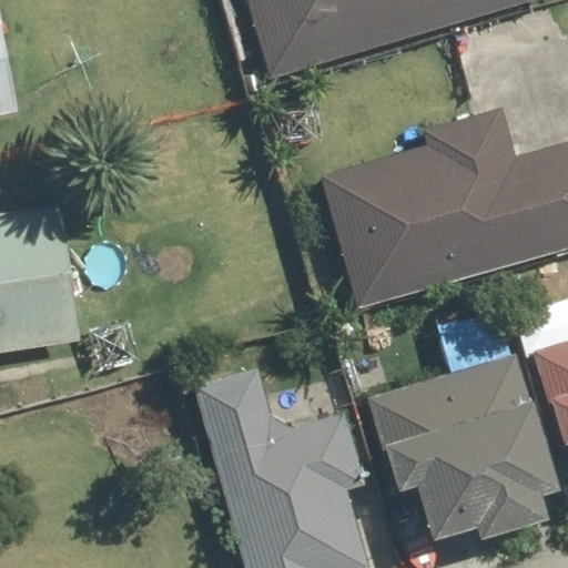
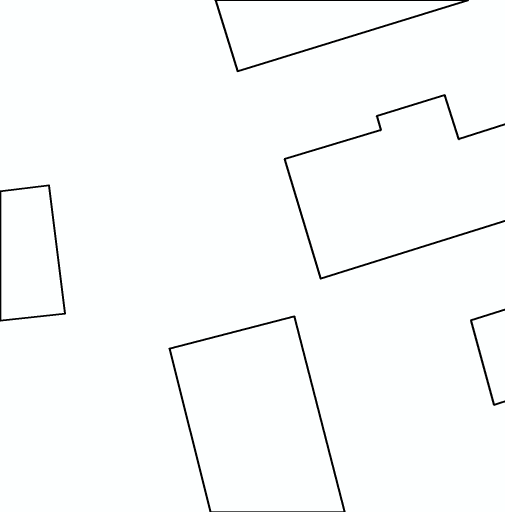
building: [368,356,557,545] -> none

